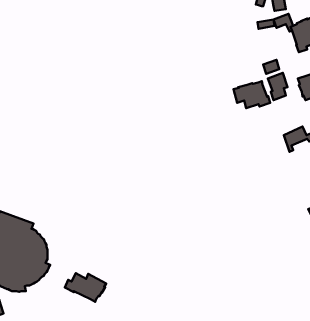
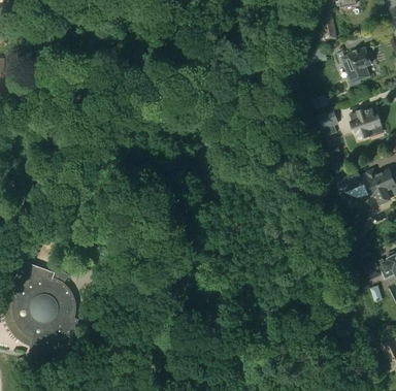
building: [234,81,270,108] -> none
building: [65,273,106,302] -> none

